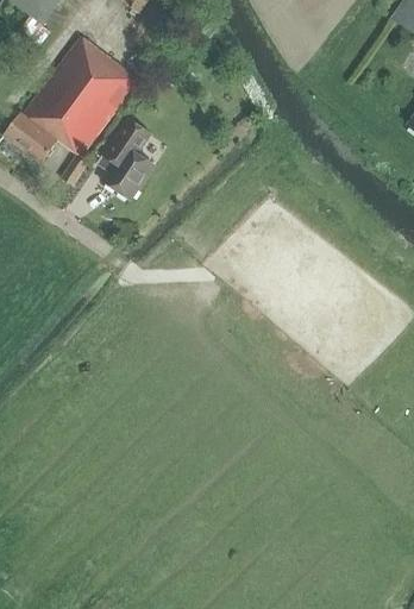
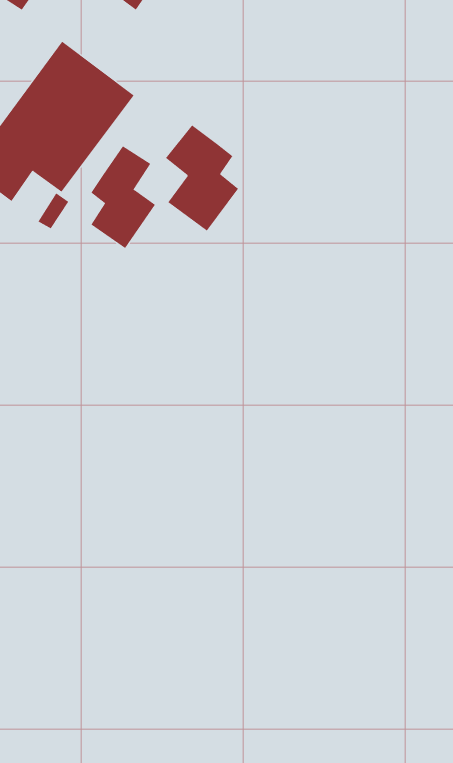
building: none -> [165,125,239,232]

